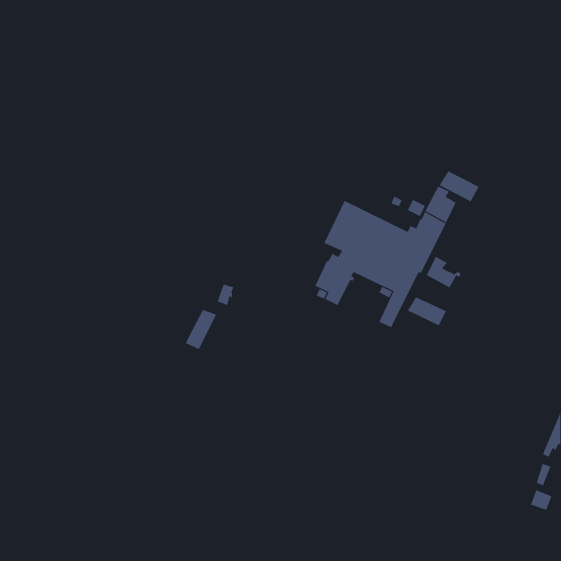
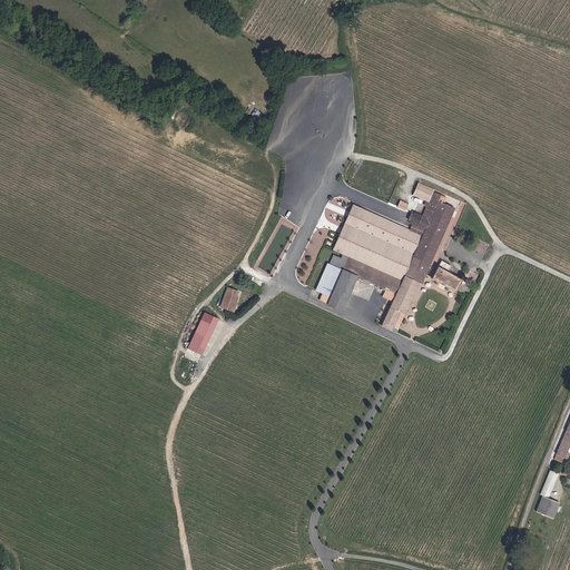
building: [439,171,480,202] -> none
building: [407,296,447,326] -> none

